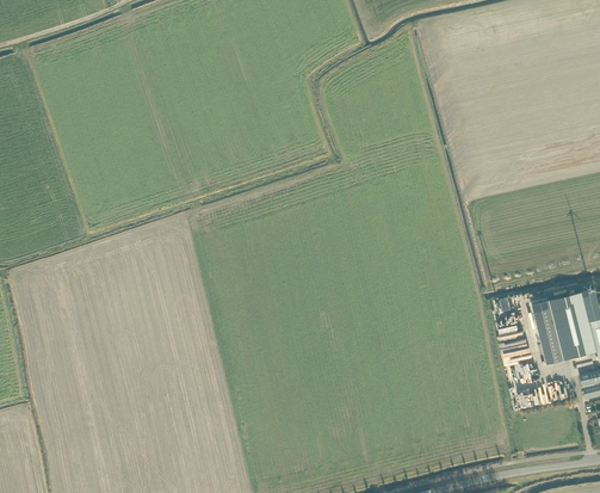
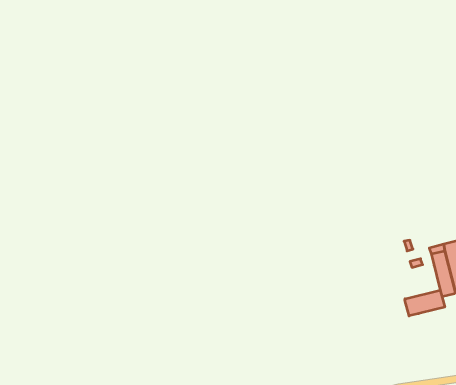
building: none -> [405,290,445,316]

